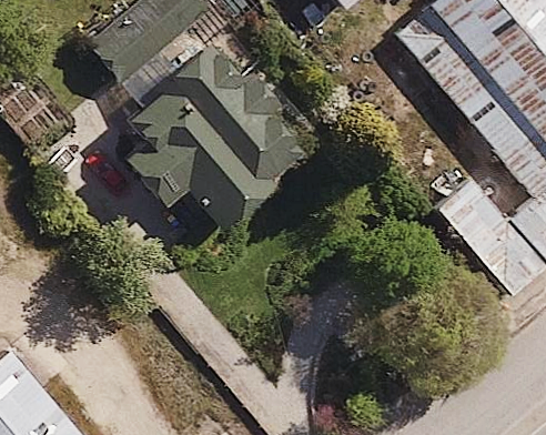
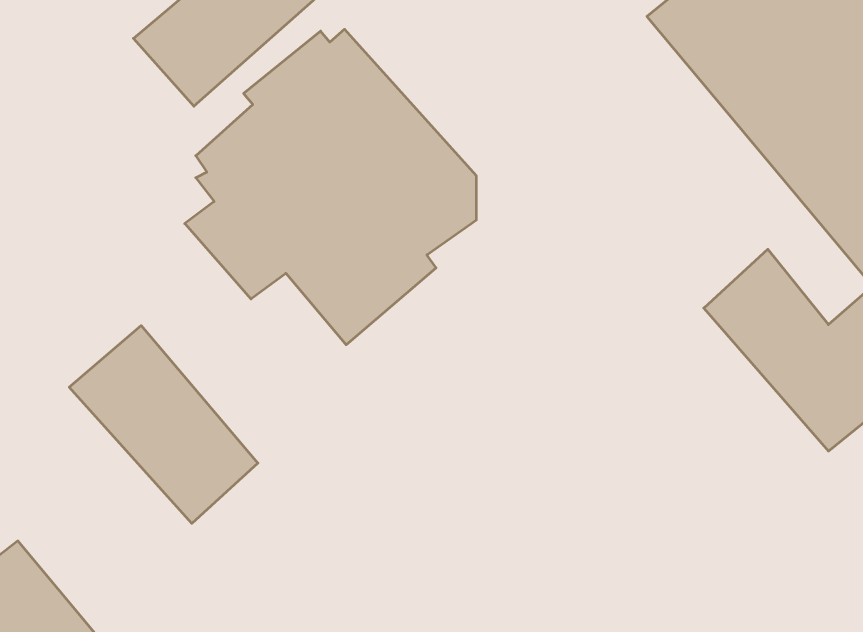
building: none -> [69,326,258,523]

